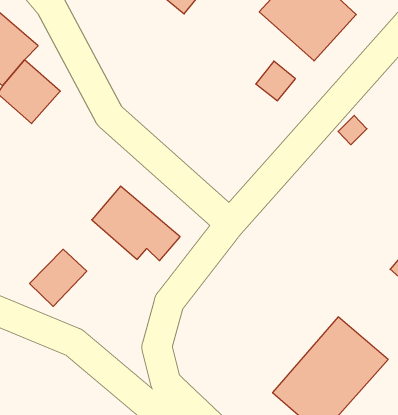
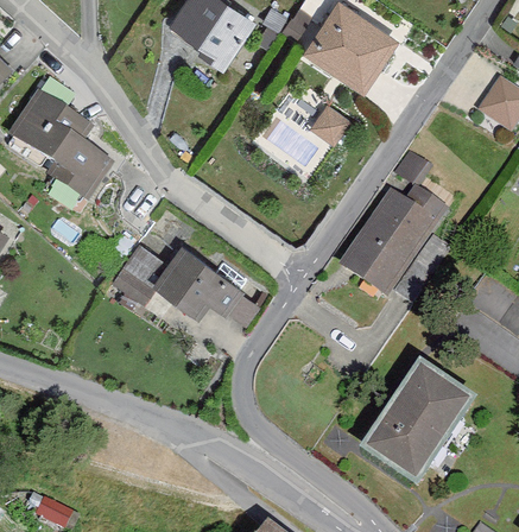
building: none -> [338,184,448,297]
building: [30,249,87,306] -> [109,240,165,298]

